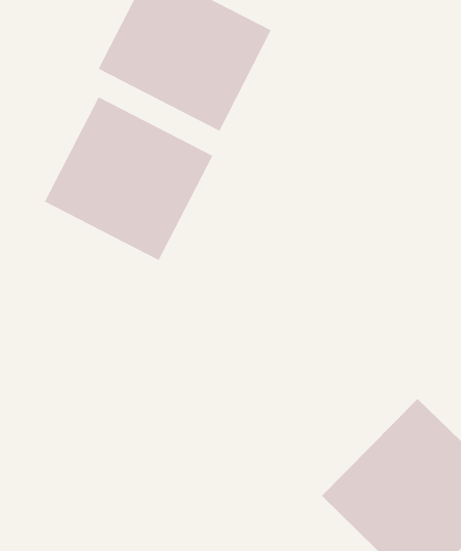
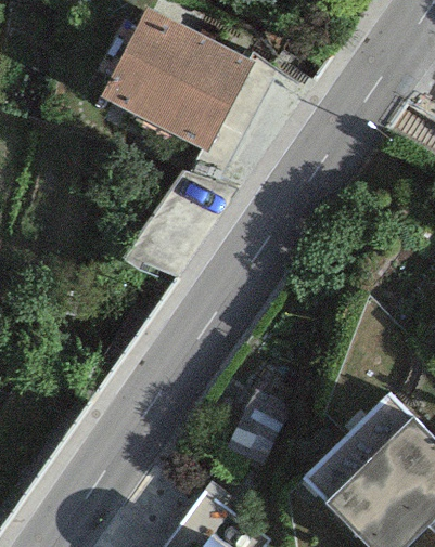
building: [44,96,213,261] -> none

